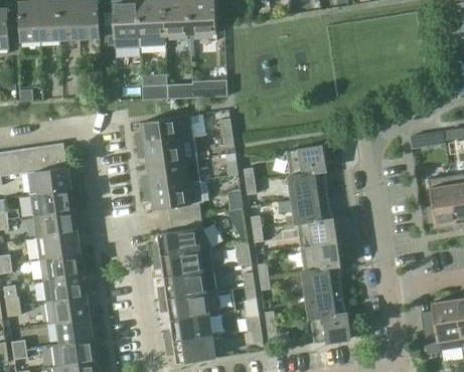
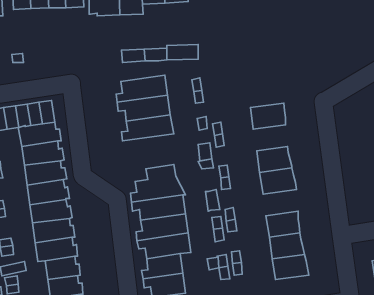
building: [289,170,327,199] -> none
building: [143,180,203,219] -> none
building: [300,242,339,271] -> none

